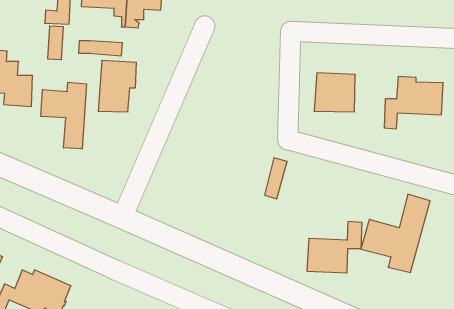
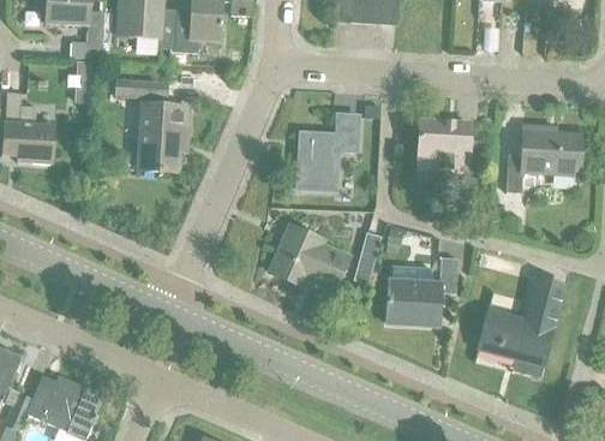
building: none -> [299,114,359,189]
building: [41,82,86,149] -> none
building: none -> [271,226,347,287]
building: [307,222,362,273] -> [387,257,457,323]

